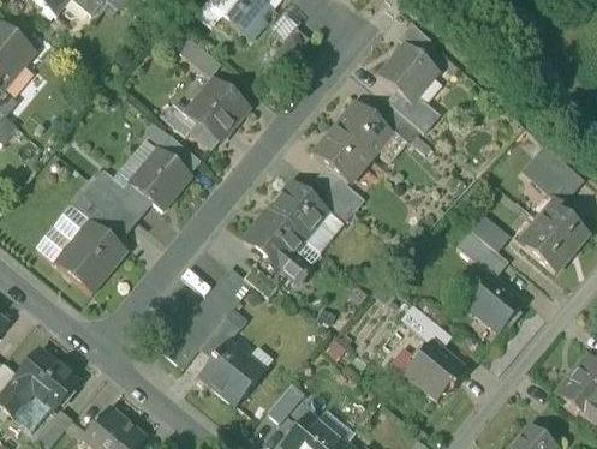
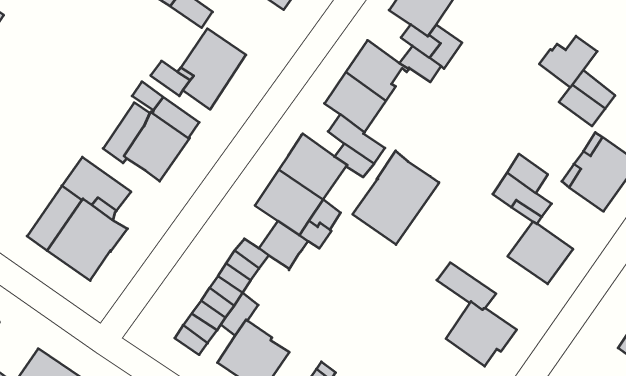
building: none -> [539,36,597,87]
building: [95,169,150,217] -> none
building: none -> [353,151,439,245]

